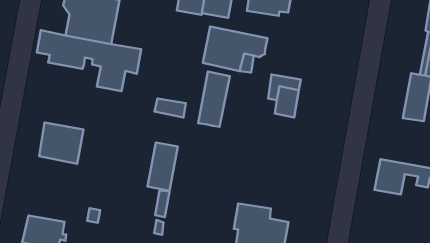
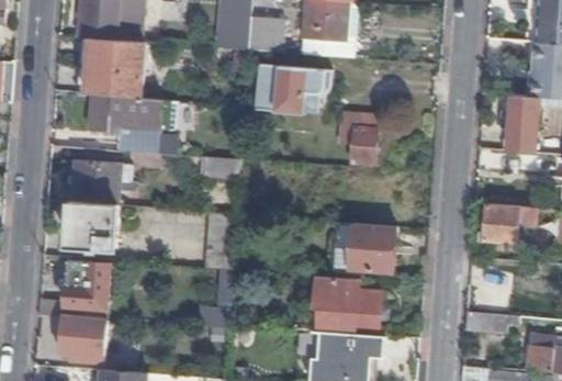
building: [198,71,230,127] -> none
building: none -> [70,161,123,206]
building: none -> [348,223,395,273]
building: none -> [65,261,110,310]

